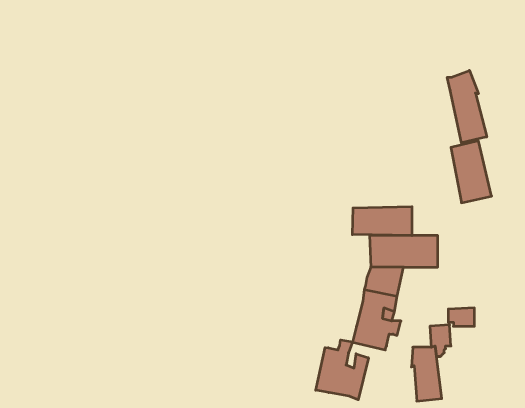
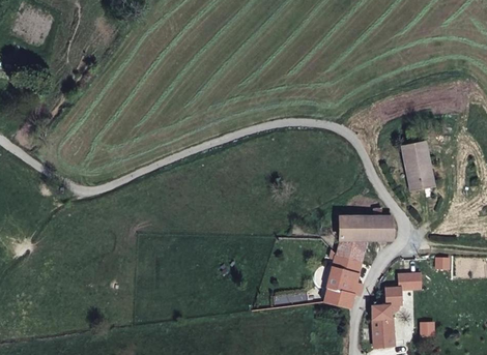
building: [447,70,487,143] -> none
building: [352,207,412,236] -> none
building: [316,340,368,400] -> none

